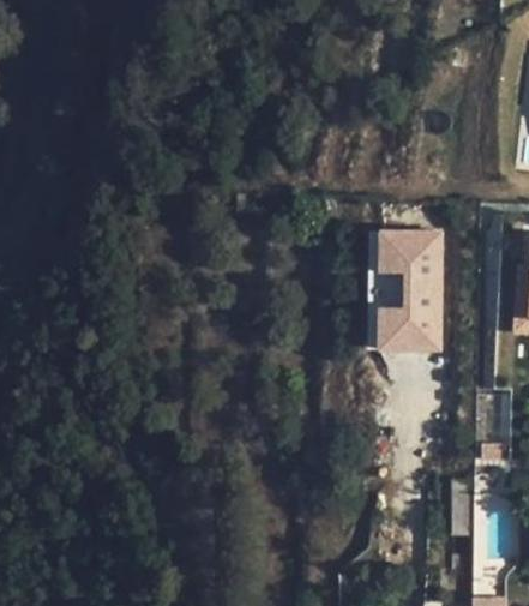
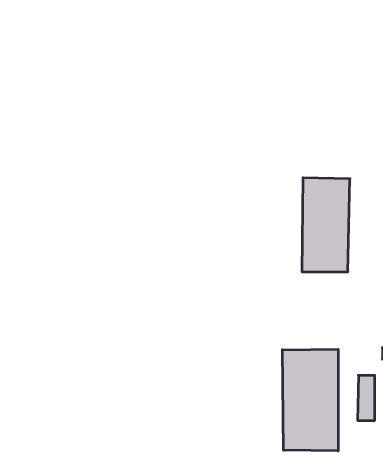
building: none -> [282,349,338,451]

